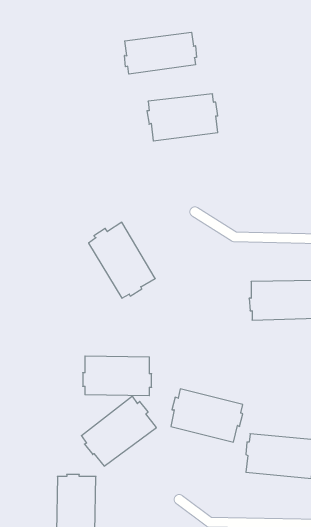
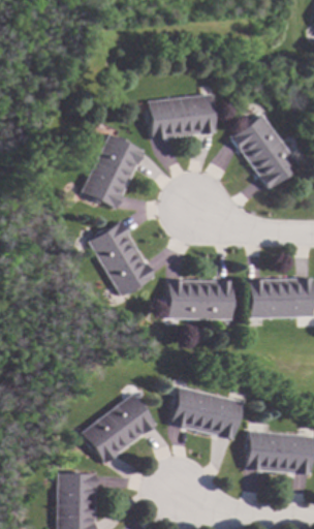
building: [125,32,197,74] -> none
building: none -> [232,116,301,189]
building: none -> [82,134,145,209]
building: [83,356,152,396] -> [166,280,234,319]

